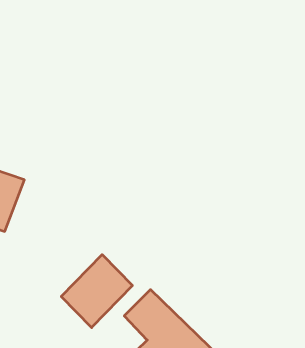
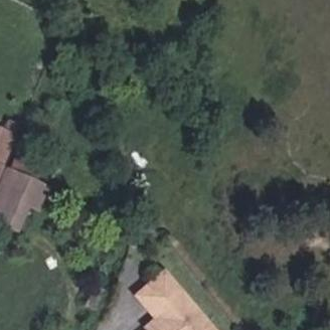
building: [61,255,132,328] -> none

